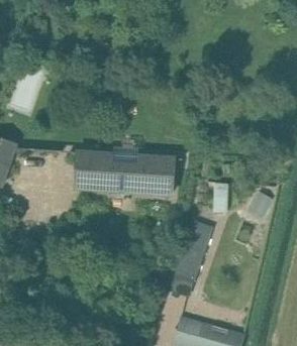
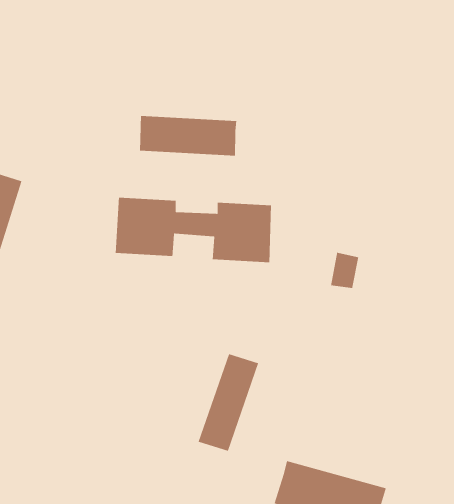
building: none -> [139,115,237,157]
building: [175,218,213,279] -> [198,353,259,452]

